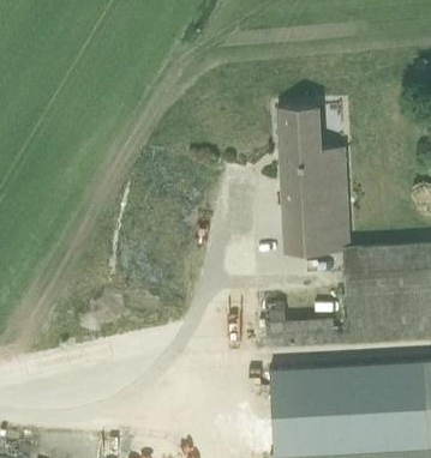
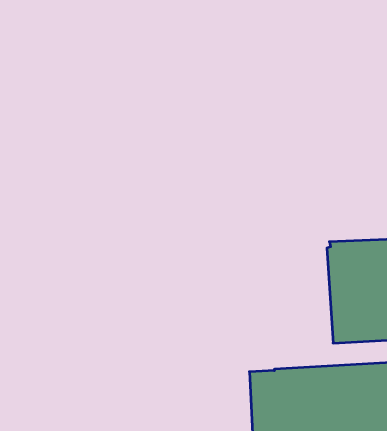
building: [279,108,347,255] -> none

